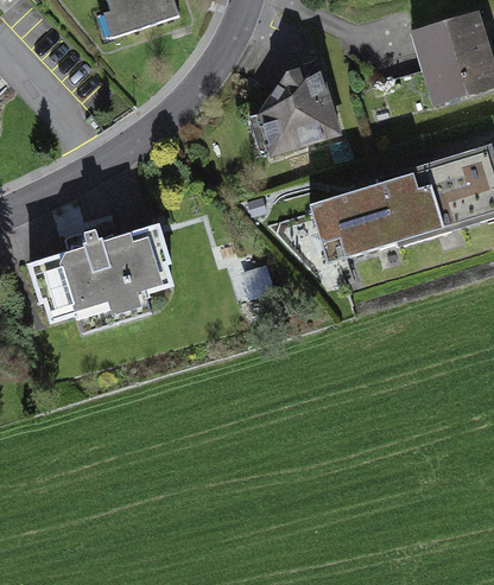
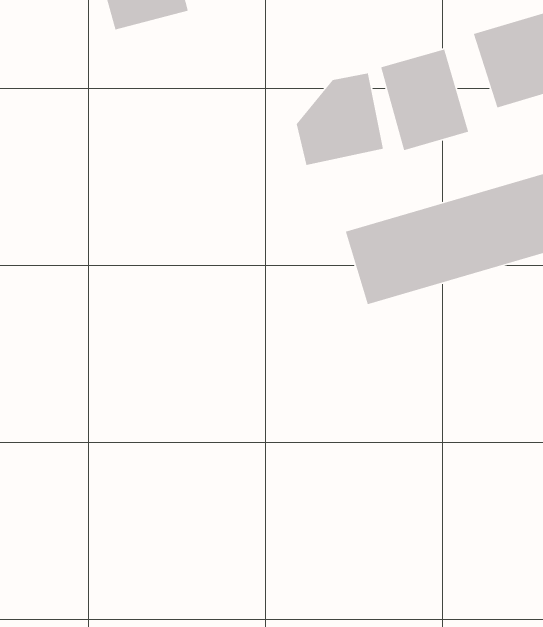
building: none -> [380,49,469,151]
building: [21,218,175,328] -> none

